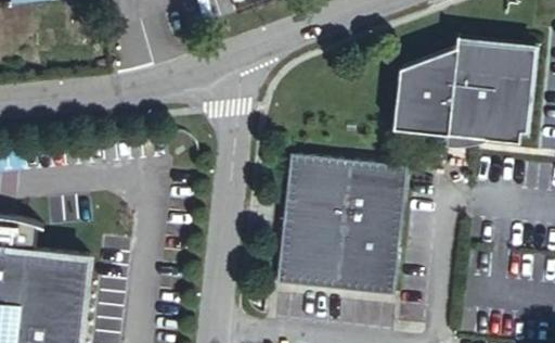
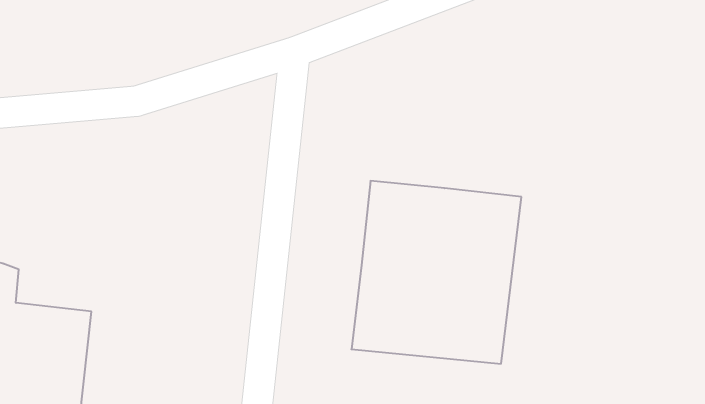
building: [393,40,534,140] -> none

